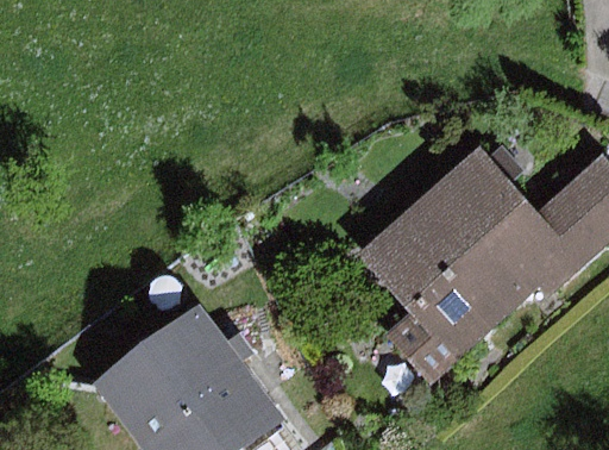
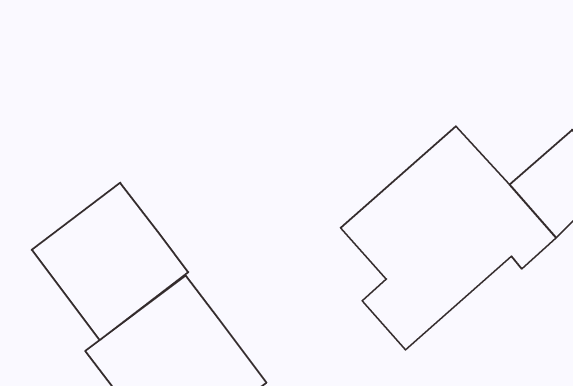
building: none -> [32,183,188,340]

